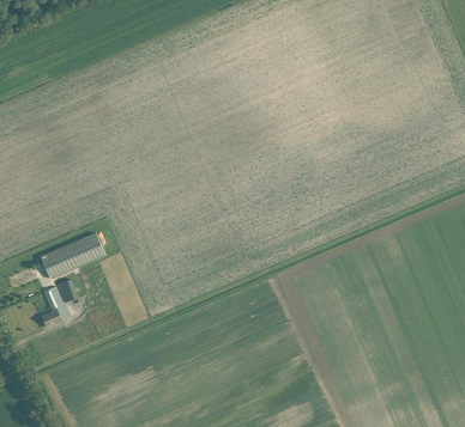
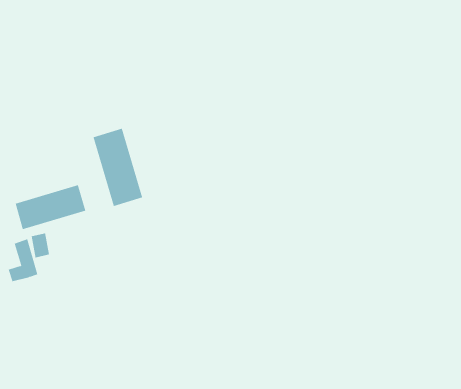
building: none -> [93,128,143,207]

